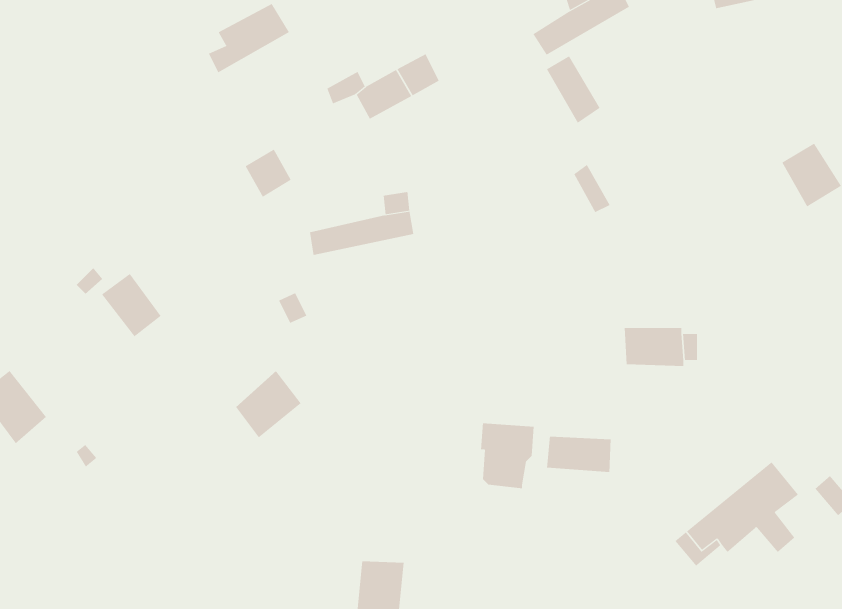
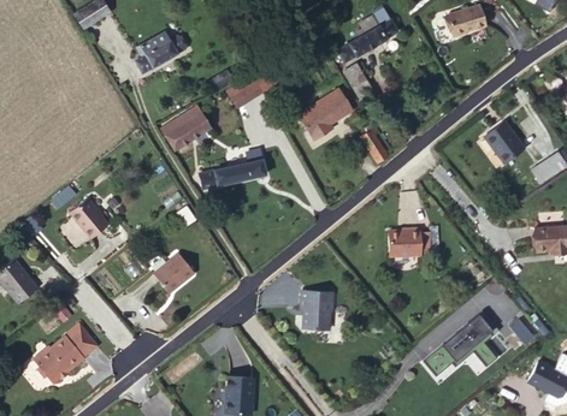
building: none -> [296,85,352,136]
building: none -> [176,108,207,139]
building: [547,436,611,473] -> none
building: none -> [30,331,94,386]

